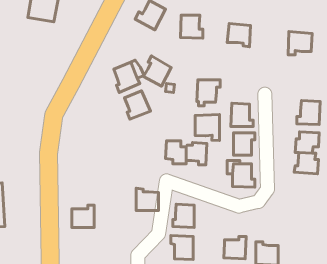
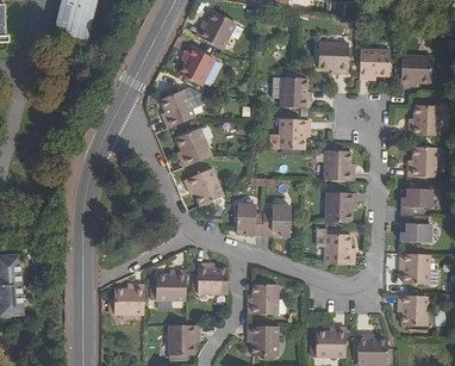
building: [180,15,203,38] -> [281,75,311,106]
building: none -> [356,50,389,80]
building: [144,56,171,86] -> [176,44,213,85]
building: none -> [411,103,440,134]
building: [195,115,219,141] -> none
building: none -> [188,169,228,205]
building: none -> [397,252,428,283]
building: none -> [152,269,182,299]
building: none -> [397,294,426,324]
building: none -> [168,324,198,354]

